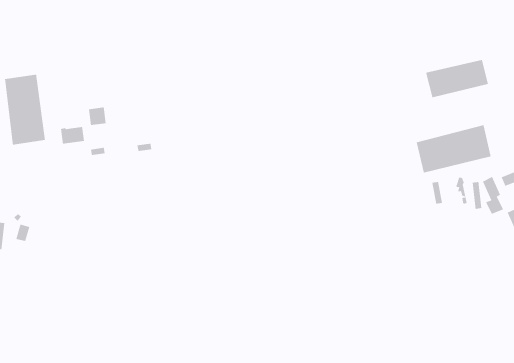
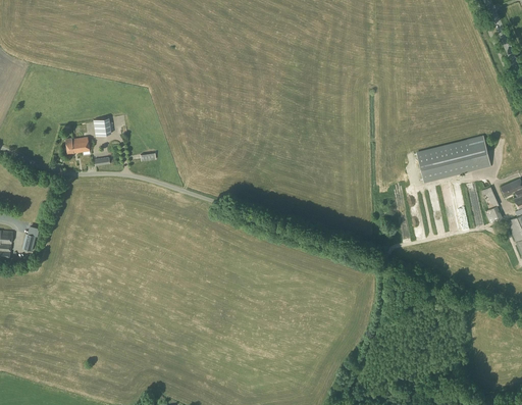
building: [425,59,488,98] -> none
building: [4,74,46,146] -> none

